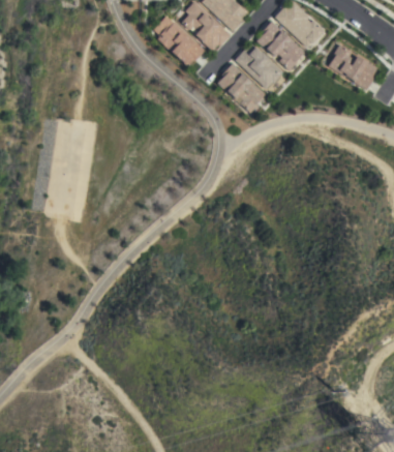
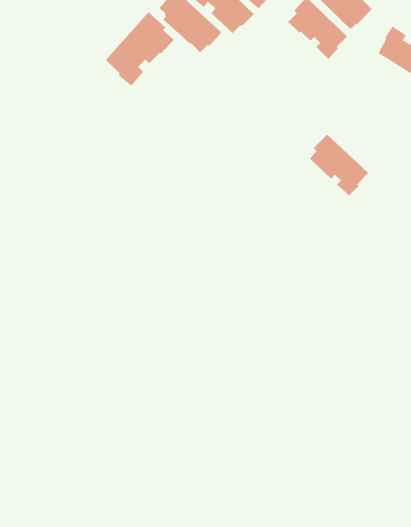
building: none -> [105,11,175,87]
building: [236,43,283,89] -> none
building: [218,63,266,113] -> [309,134,369,196]

